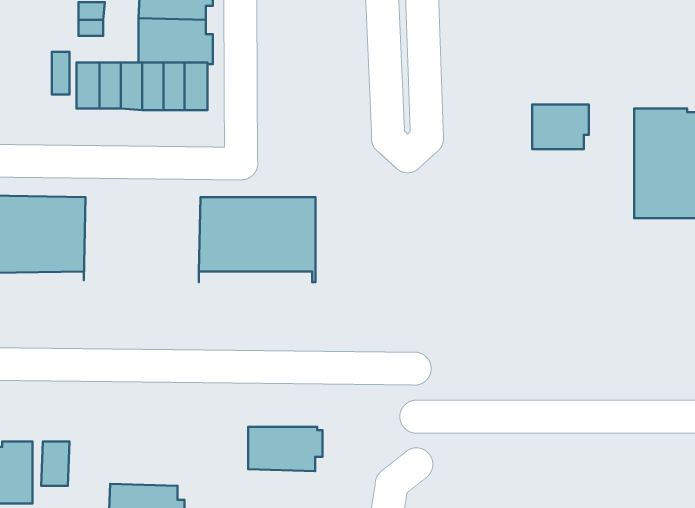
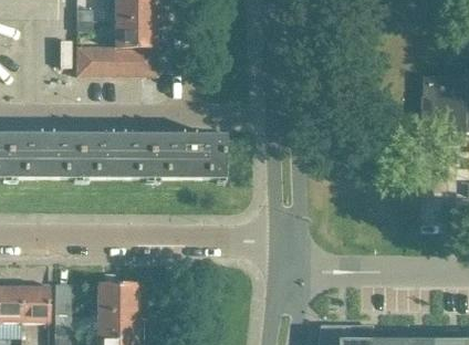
building: [532,105,589,149] -> none
building: none -> [79,130,152,184]
building: [248,427,322,471] -> [95,283,142,311]

